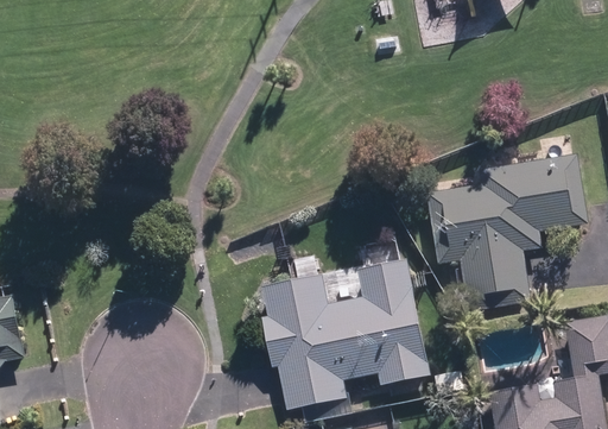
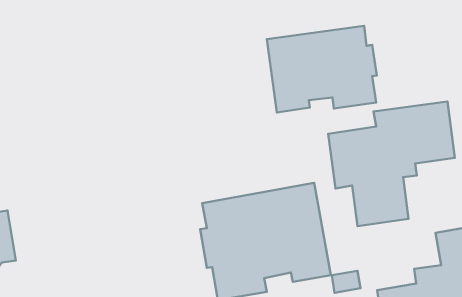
building: none -> [267,26,377,113]

